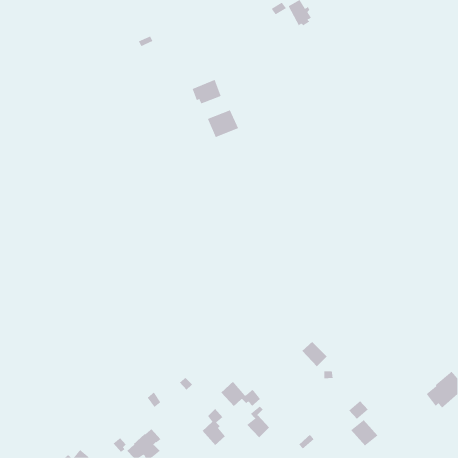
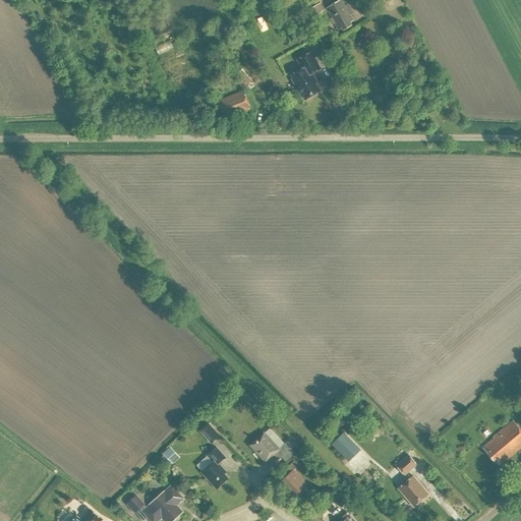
building: none -> [291,51,321,99]
building: [207,109,239,138] -> none
building: [302,341,328,367] -> [332,431,361,461]
building: [202,408,226,446] -> [201,446,229,488]

